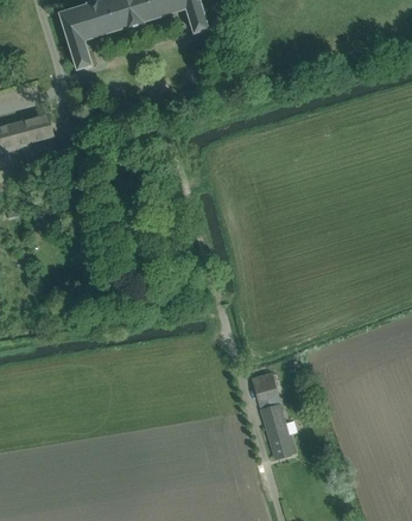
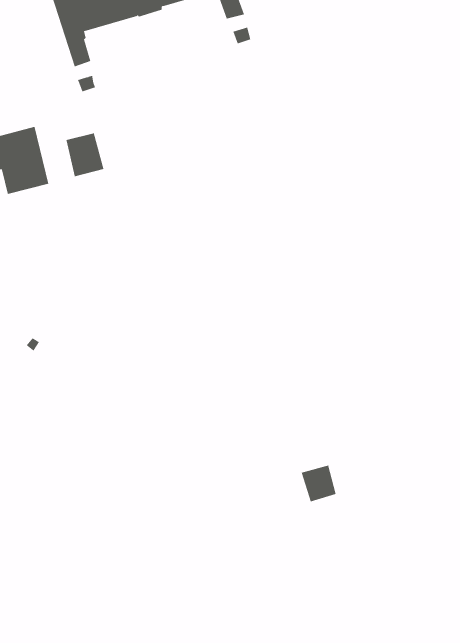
building: none -> [66,133,104,177]
building: [260,402,293,458] -> none

